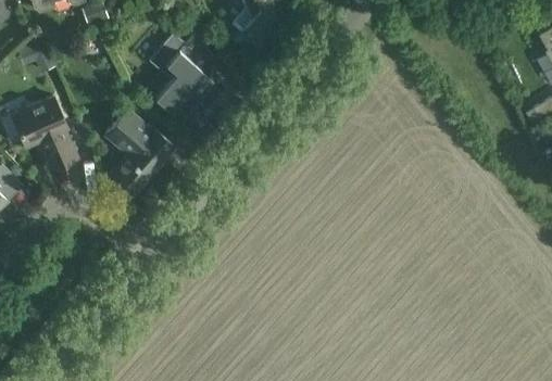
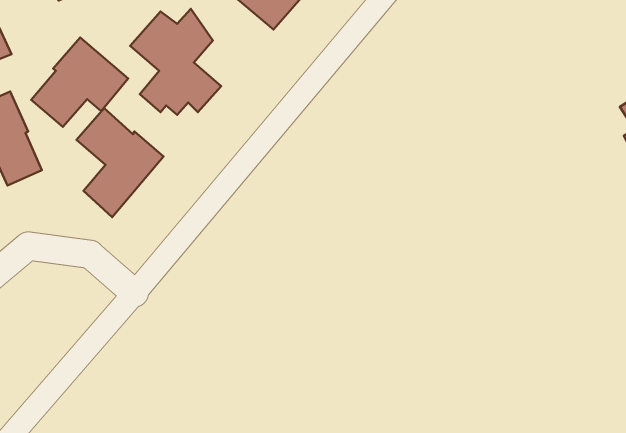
building: none -> [31,37,128,127]

